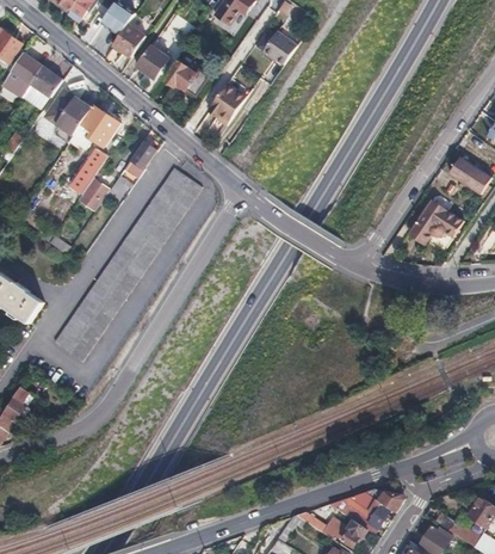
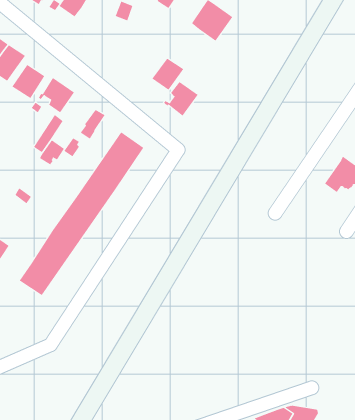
building: [113,24,146,56] -> none
building: [137,45,169,78] -> none
building: [165,61,208,94] -> none
building: none -> [163,81,198,117]

